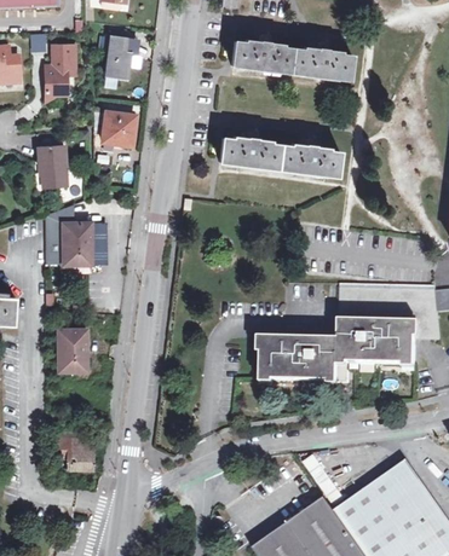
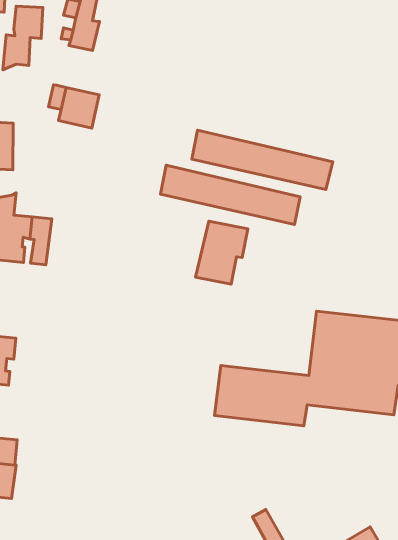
building: [231,40,351,80] -> [161,165,300,224]
building: none -> [196,221,248,284]

